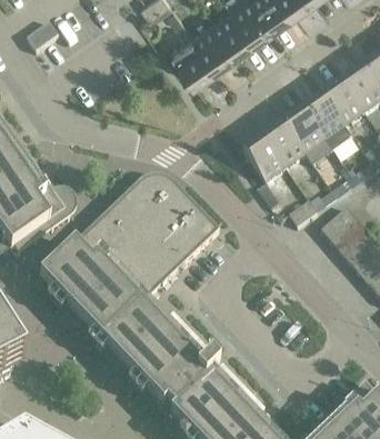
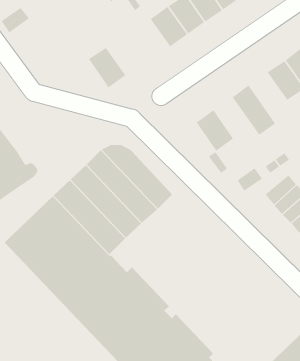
building: [173,33,216,79] -> [88,47,126,88]
building: [303,92,353,149] -> none
building: [264,120,307,166] -> none

